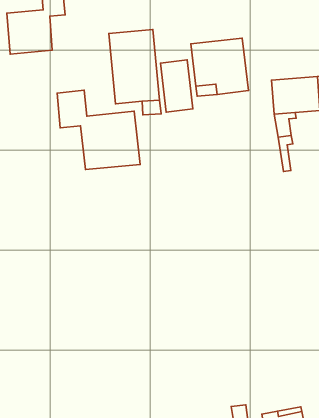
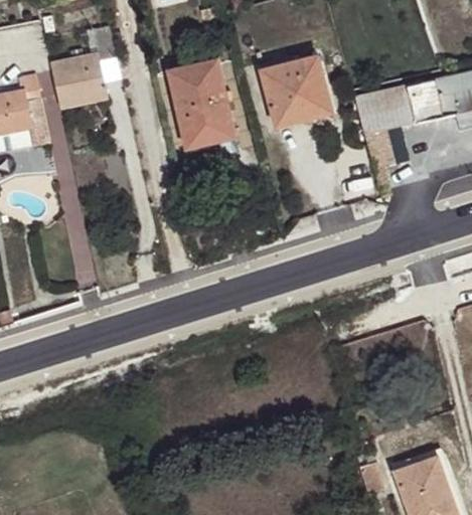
building: [161,60,193,112] -> none
building: [57,90,140,169] -> none

